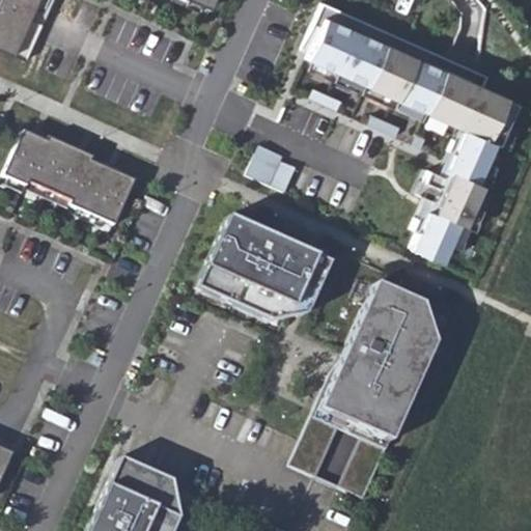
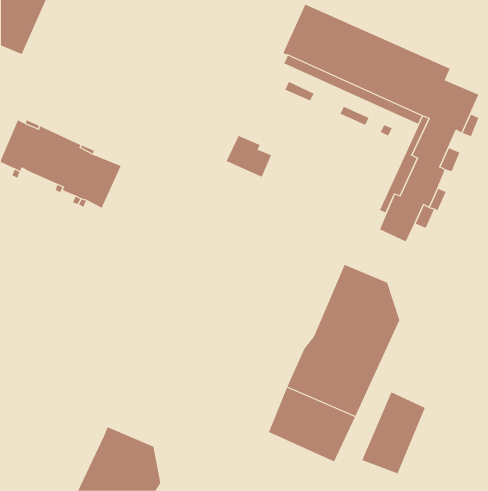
building: [199,217,330,319] -> none
building: none -> [362,392,425,474]

